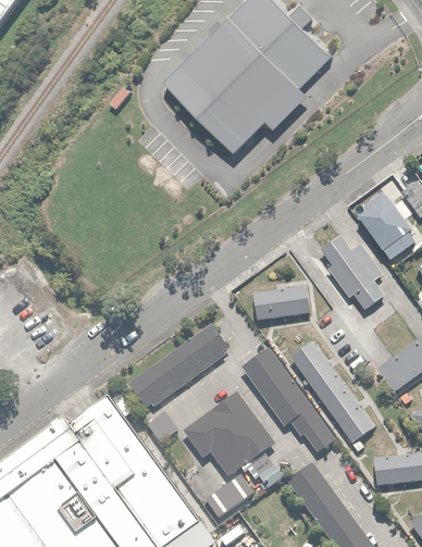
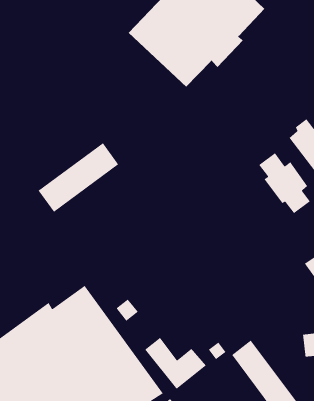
building: [253,285,314,320] -> none
building: [128,325,227,411] -> [38,142,119,213]
building: [290,340,376,443] -> none
building: [241,350,335,451] -> none
building: [182,394,271,475] -> none

